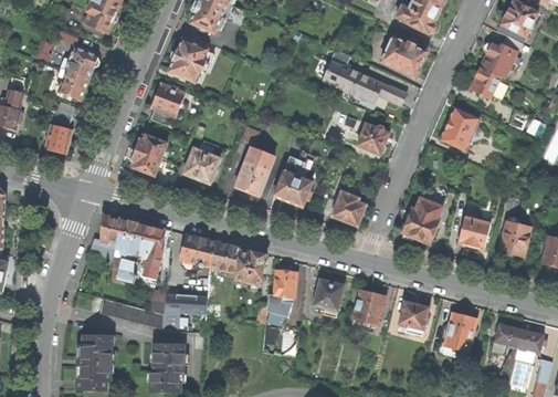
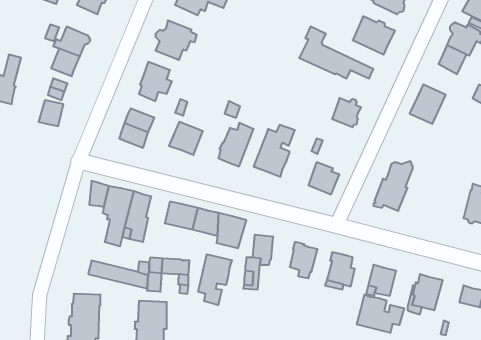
building: [459,206,496,249] -> none
building: none -> [198,254,232,305]
building: none -> [357,295,404,333]

